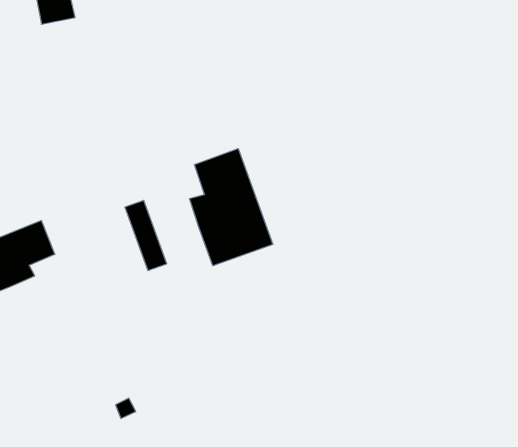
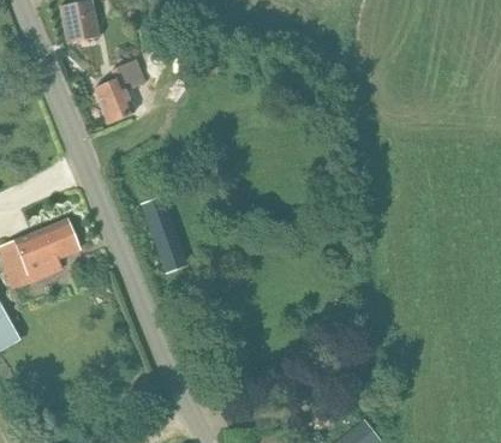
building: none -> [95,60,145,124]
building: [190,149,273,266] -> none

